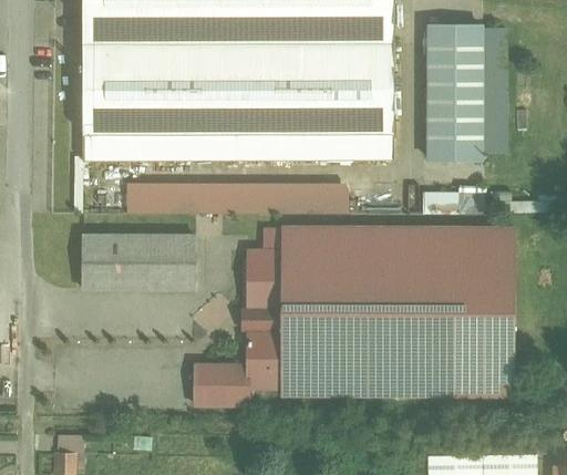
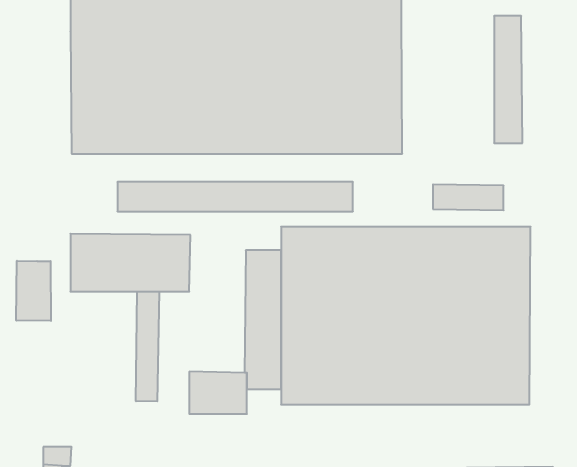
building: [429,25,481,159] -> none
building: none -> [16,261,51,321]
building: none -> [136,292,159,401]

